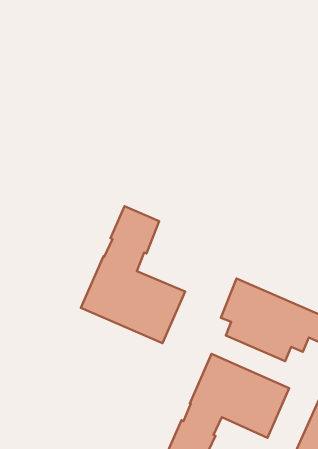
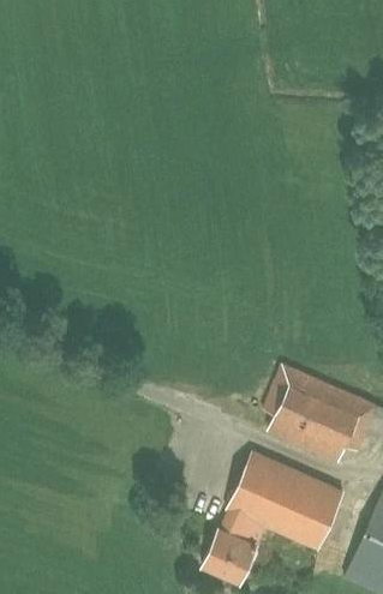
building: [81,206,185,343] -> none

